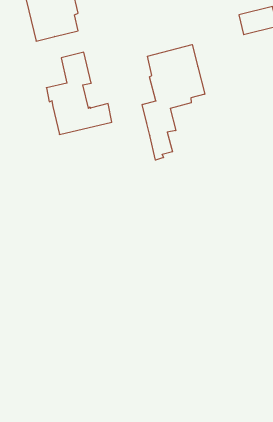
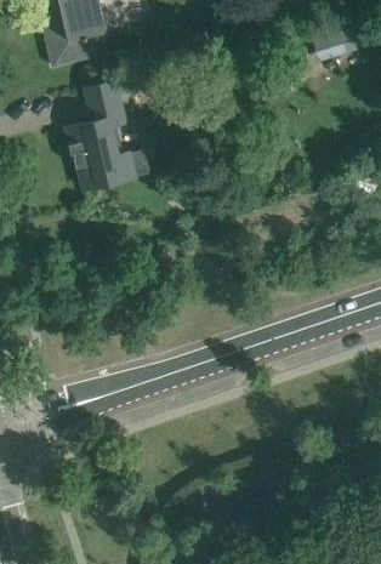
building: [142,45,205,160] -> none

